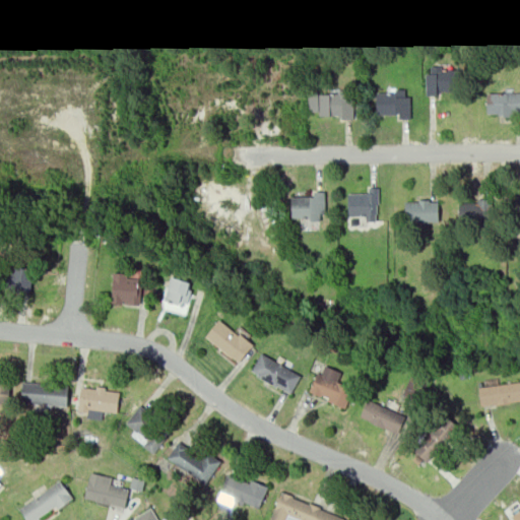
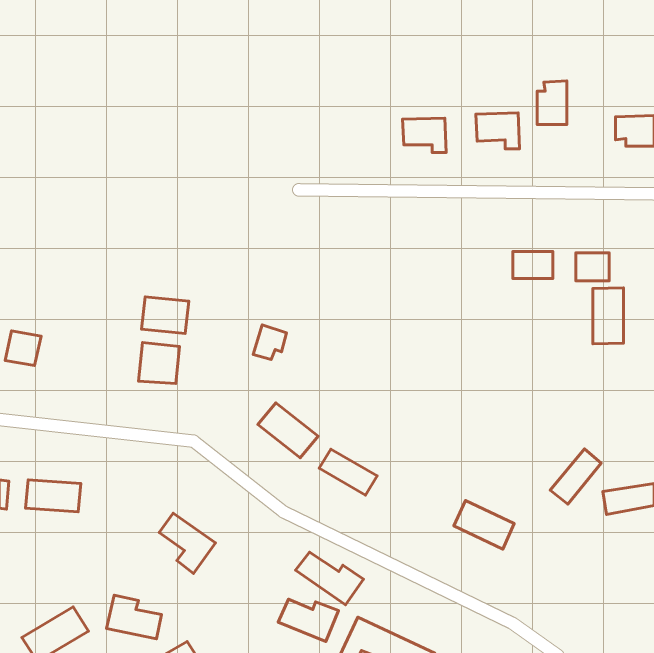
building: [350,194,376,222] -> none
building: [291,197,323,218] -> none
building: none -> [593,288,623,344]
building: none -> [141,297,189,334]
building: [165,277,191,305] -> [253,325,287,360]
building: [308,366,351,408] -> none
building: [73,383,119,414] -> none
building: [414,418,455,462] -> [550,449,601,504]
building: [166,443,219,484] -> [295,552,363,605]

